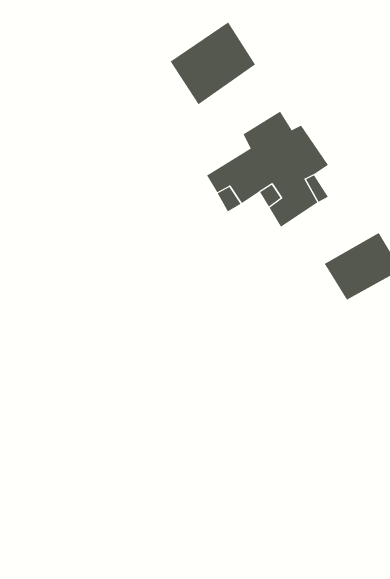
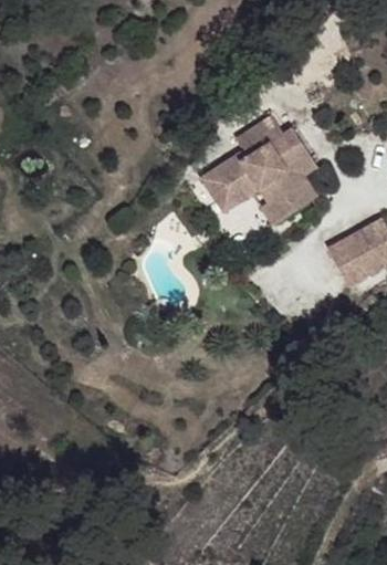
building: [170,22,256,105] -> none

